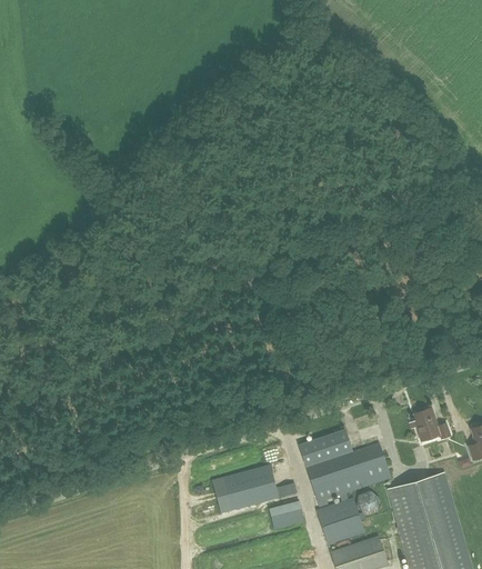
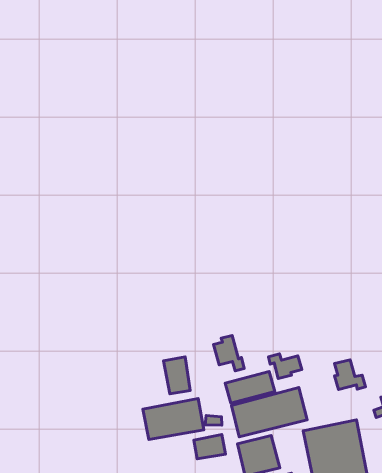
building: none -> [213,336,244,371]
building: none -> [268,354,302,378]
building: none -> [164,357,190,394]

